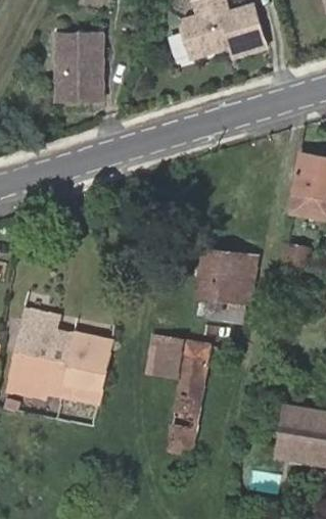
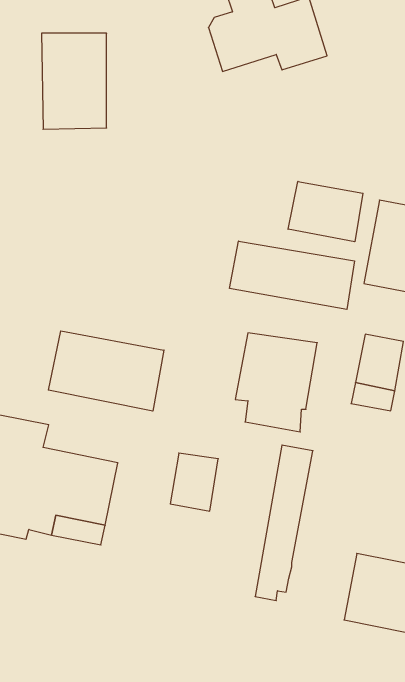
building: none -> [288,181,363,242]
building: none -> [230,241,354,309]
building: none -> [48,331,164,411]
building: [168,340,209,453] -> [255,445,313,601]

